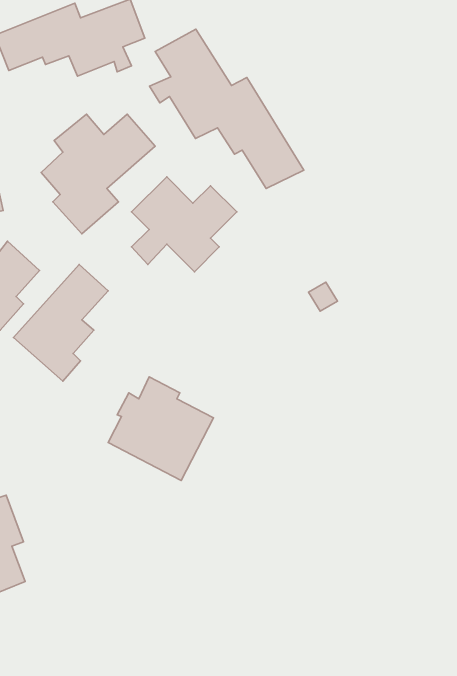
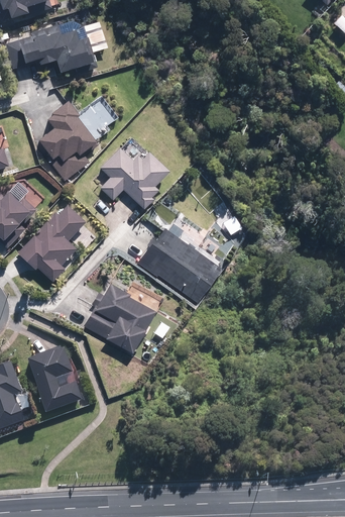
building: [150,29,304,189] -> none
building: none -> [137,227,221,306]
building: none -> [29,346,82,413]

